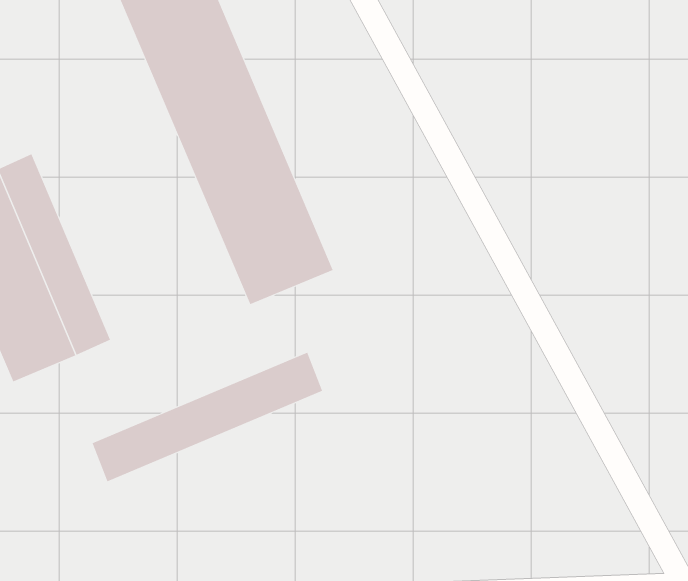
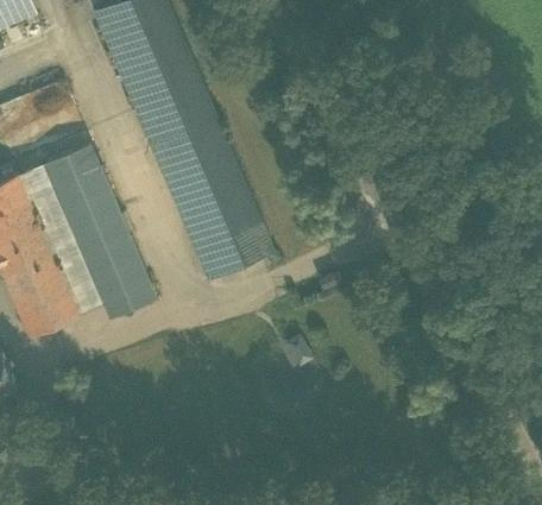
building: none -> [45,145,156,320]
building: [92,352,323,482] -> none

